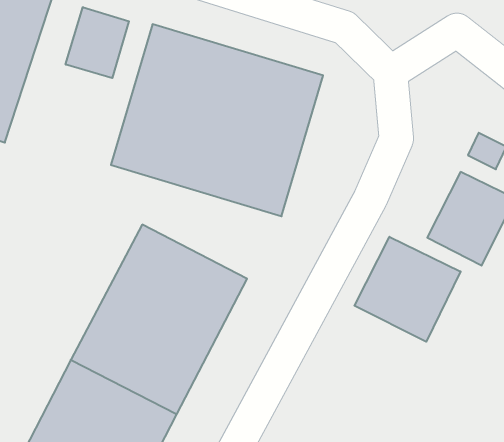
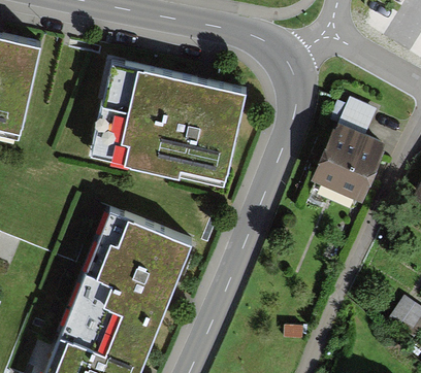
building: [66,7,129,78] -> none
building: [354,237,461,342] -> none

